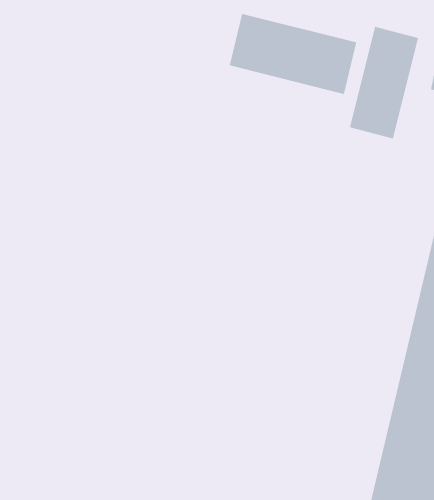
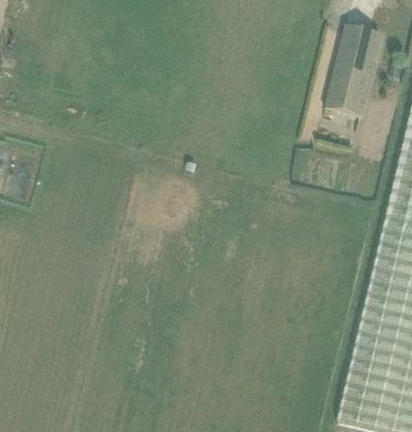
building: [229,13,357,95] -> none

